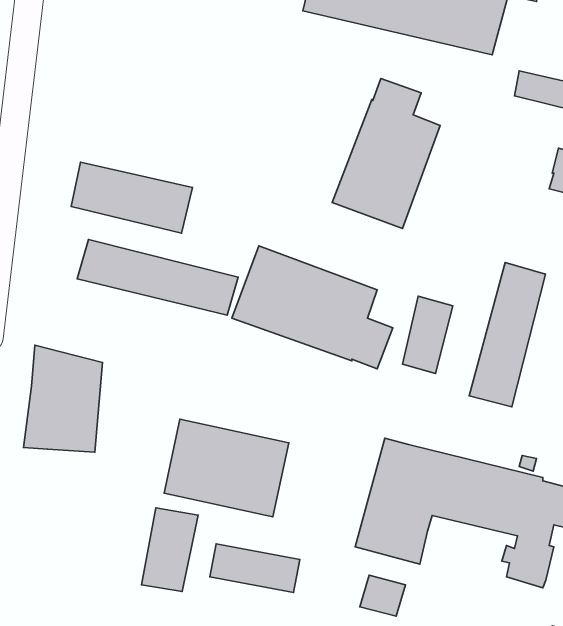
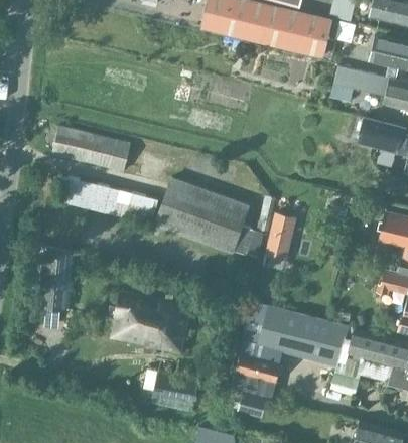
building: [332,78,440,229] -> none
building: [469,262,546,407] -> none
building: [141,508,198,591] -> none

